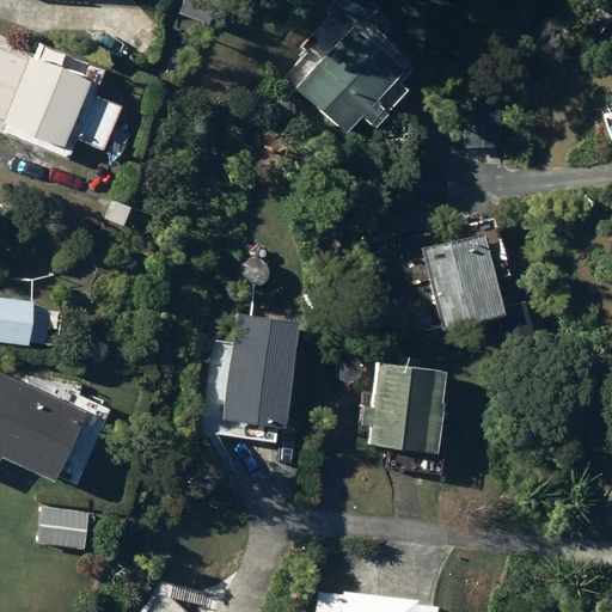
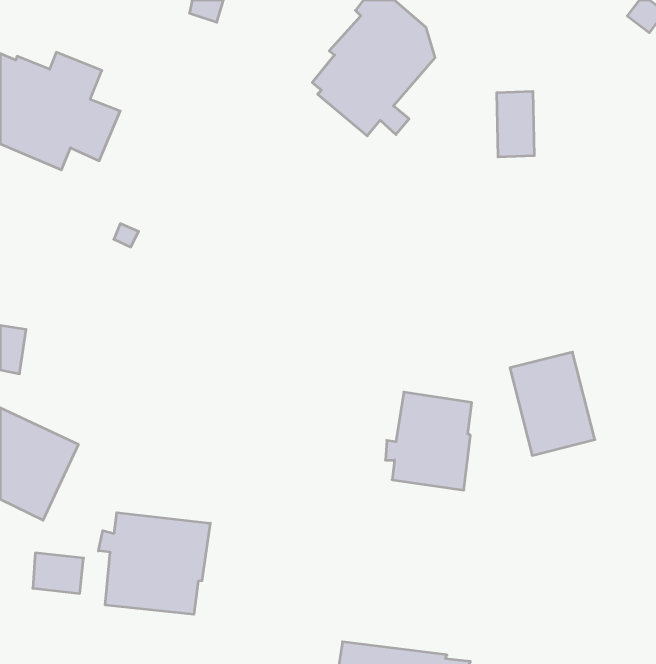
building: [424,234,502,329] -> [510,352,595,455]
building: [221,312,296,442] -> none
building: none -> [98,513,210,614]

